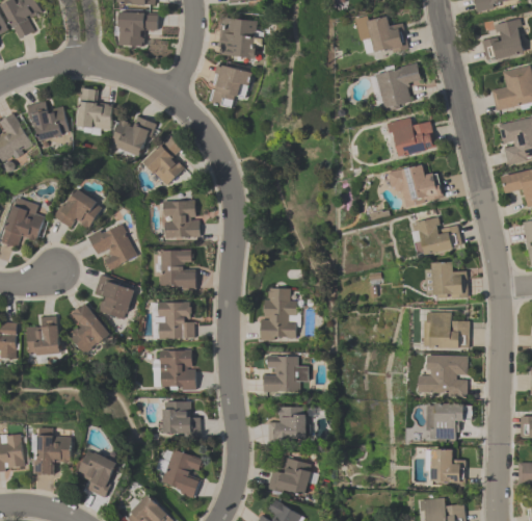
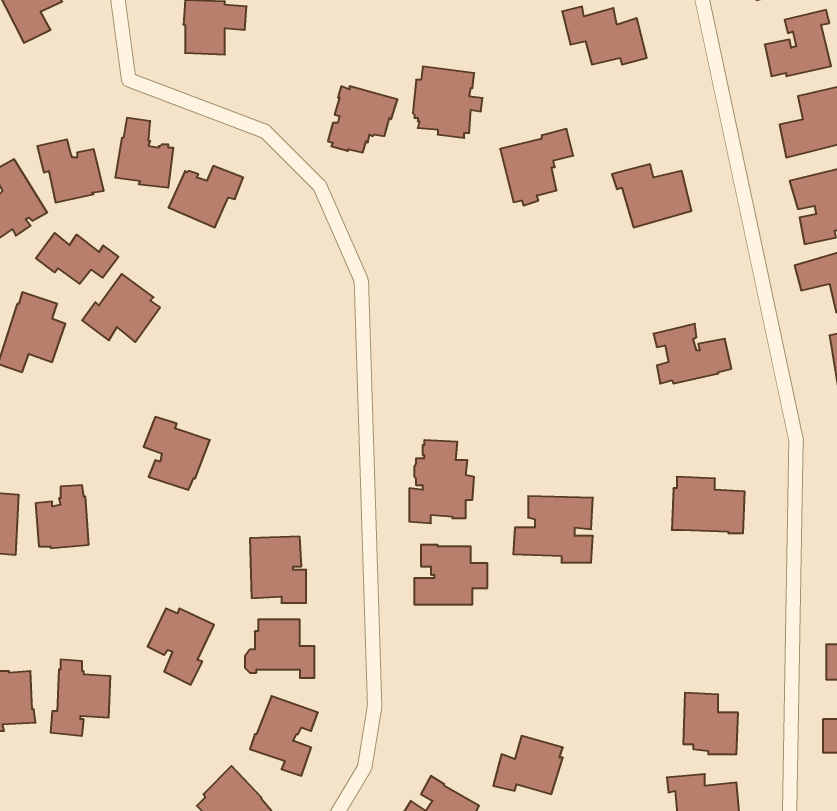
building: [218,18,262,62] -> [413,66,483,138]
building: [375,63,421,111] -> [500,129,573,205]
building: [142,135,184,185] -> none
building: none -> [36,233,118,284]
building: [388,161,444,205] -> none
building: [163,200,200,238] -> none
building: [89,220,137,269] -> none
building: [159,249,195,290] -> none
building: [425,259,468,297] -> none
building: [158,301,194,339] -> none
building: [69,303,109,355] -> none
building: [418,354,468,395] -> [513,496,593,563]
building: [426,400,472,441] -> none
building: [268,407,305,440] -> none
building: [78,449,119,497] -> [148,608,214,685]
building: [267,458,311,494] -> [493,736,563,794]

